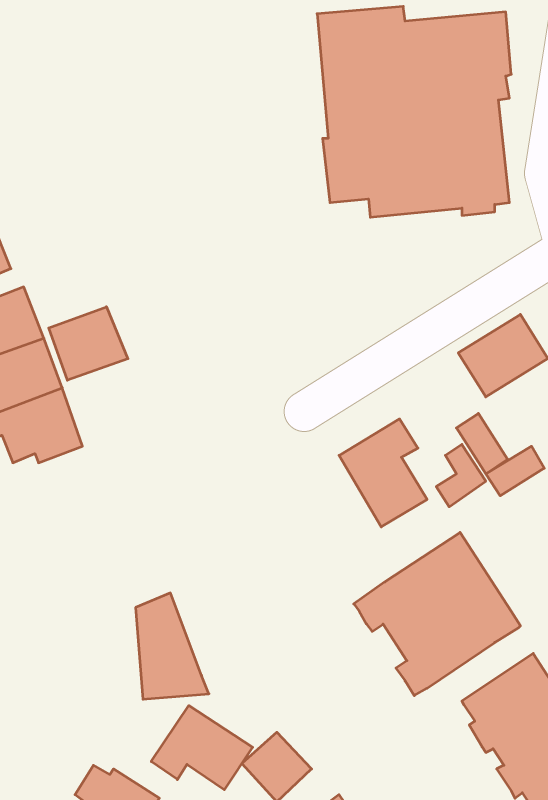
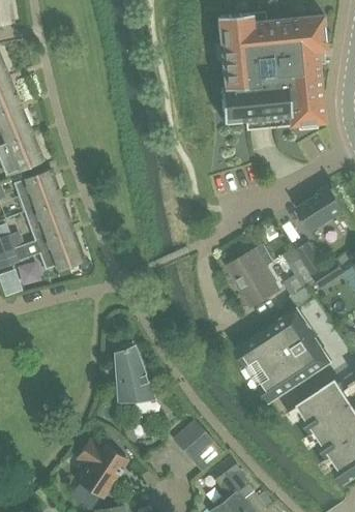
building: [49,307,128,380] -> none
building: [151,706,253,790] -> none

